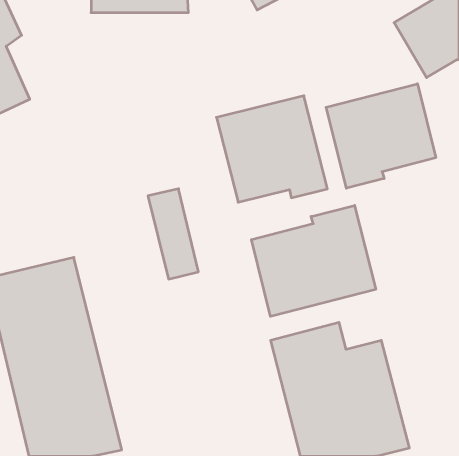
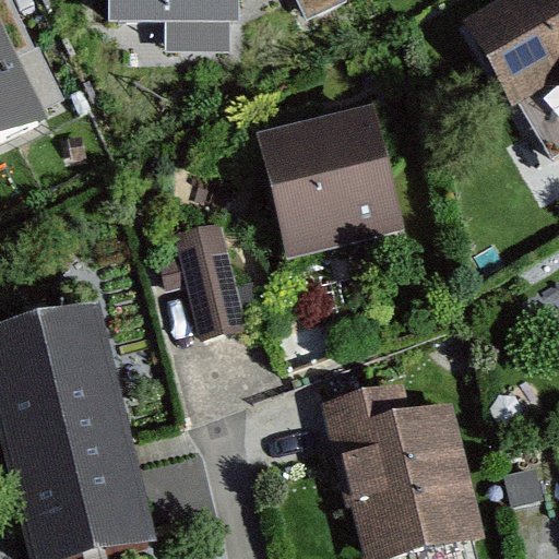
building: [326,84,436,188] -> none
building: [251,205,376,316] -> none

